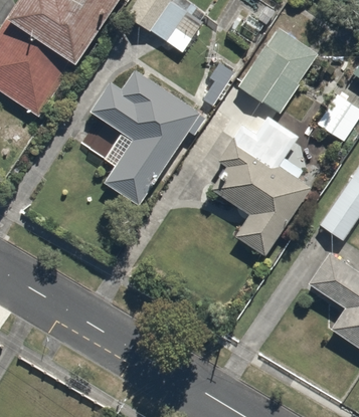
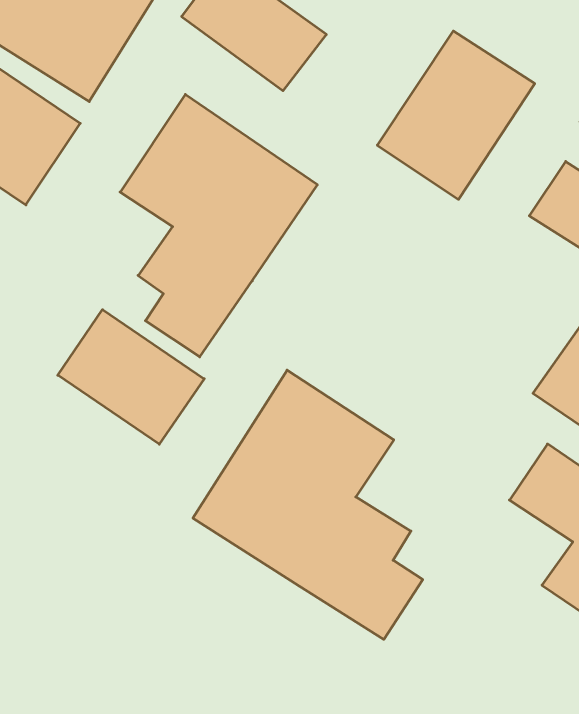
building: [212,115,311,258] -> none
building: none -> [58,310,204,444]
building: none -> [193,370,423,639]

